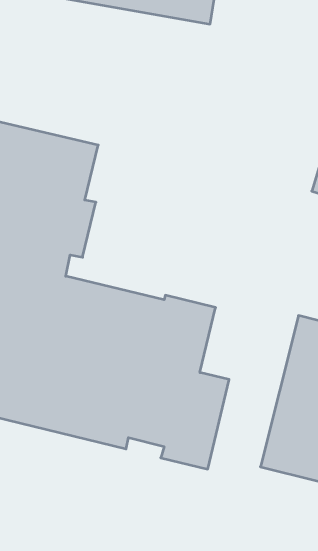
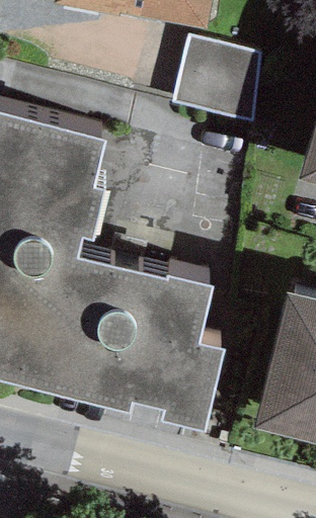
building: none -> [171,35,257,120]

